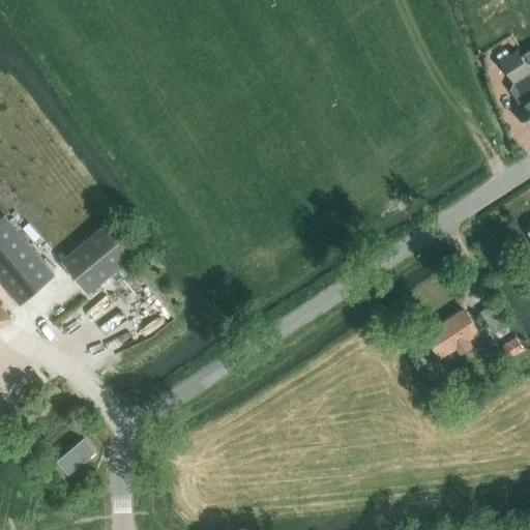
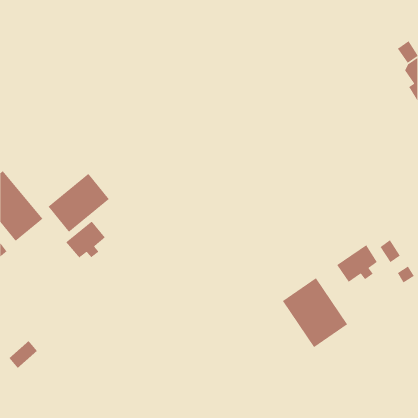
building: none -> [65,220,106,259]
building: none -> [282,277,348,348]
building: [57,439,94,475] -> [8,340,38,369]

